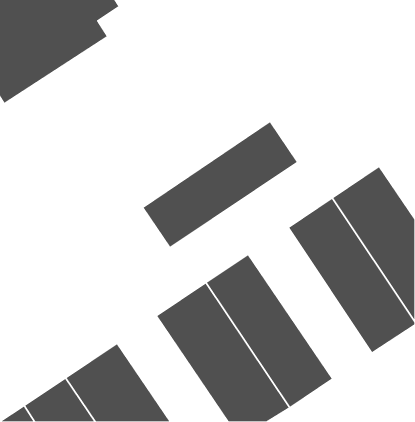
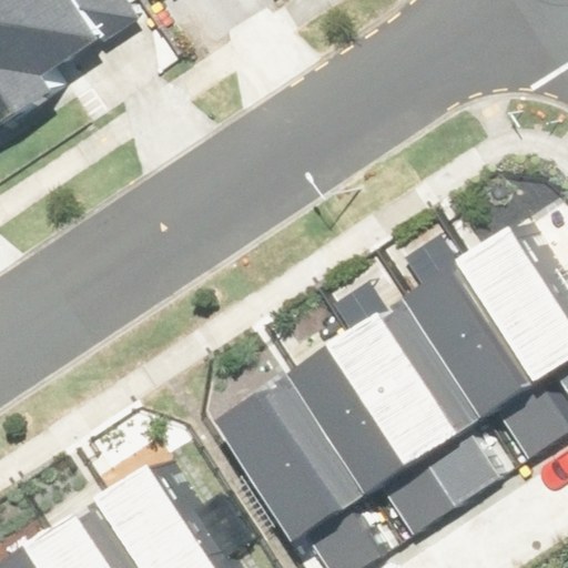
building: [143,121,298,248] -> none
building: none -> [332,304,497,506]

